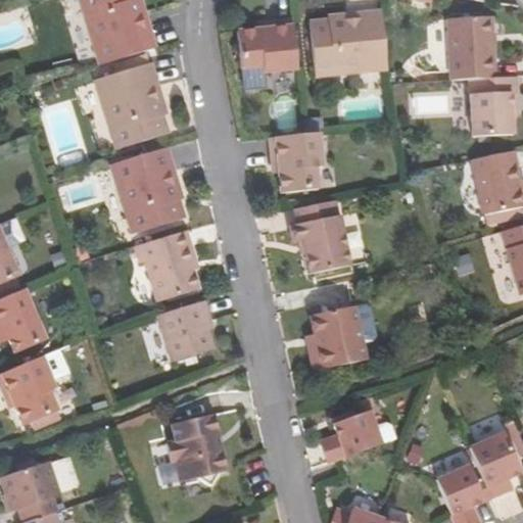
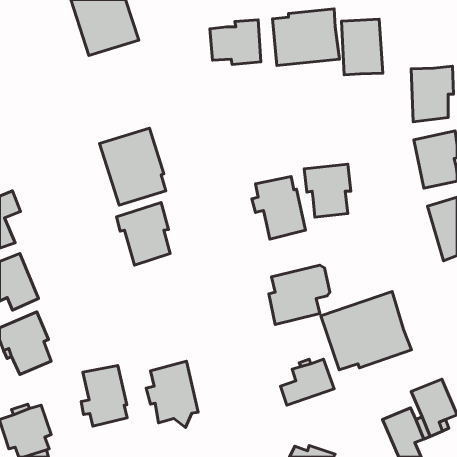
building: [447,16,494,80] -> [341,19,383,75]
building: [97,62,173,151] -> none
building: [268,133,321,193] -> [304,164,351,217]
building: [155,301,210,362] -> none
building: none -> [321,291,412,370]
building: none -> [81,365,127,426]

